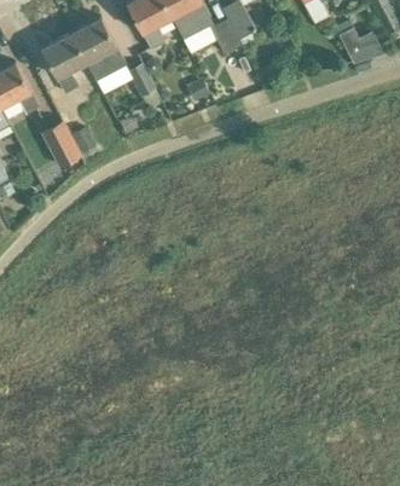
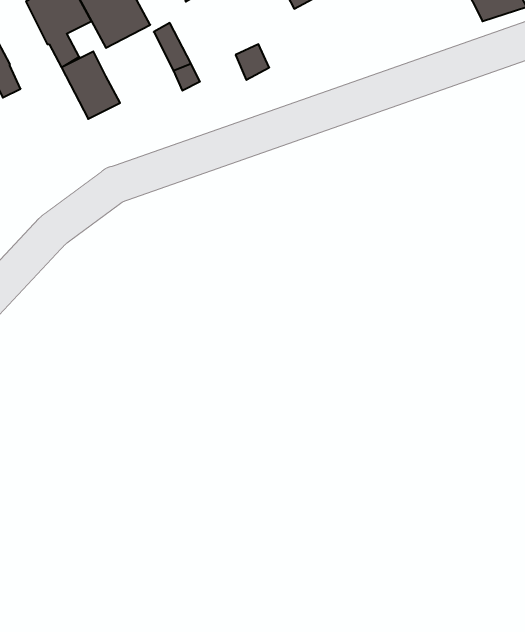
building: [41,121,81,167] -> [61,51,120,119]

